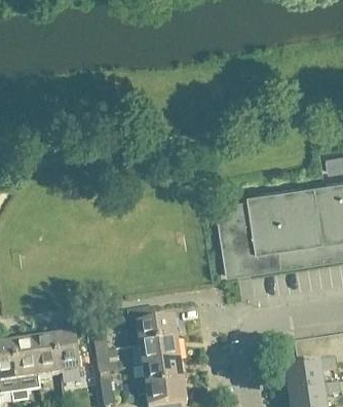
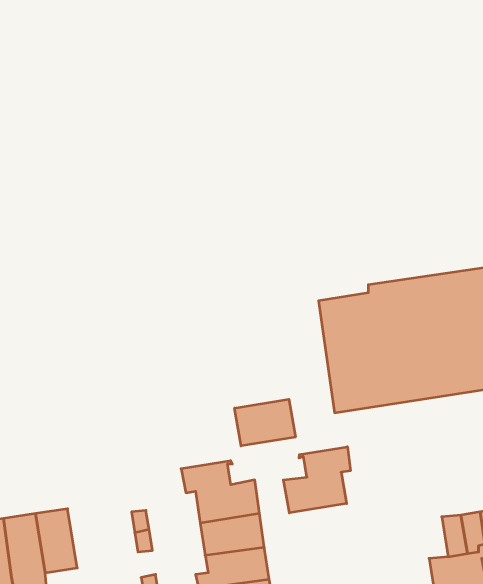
building: none -> [235,399,295,446]
building: none -> [283,447,350,513]
building: [53,334,81,375] -> none

